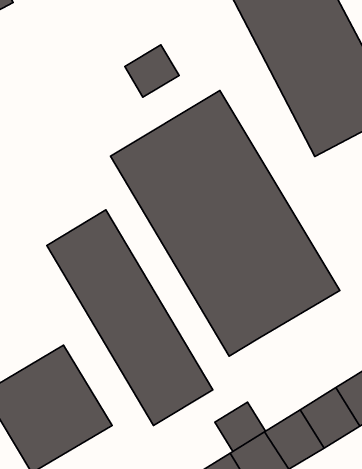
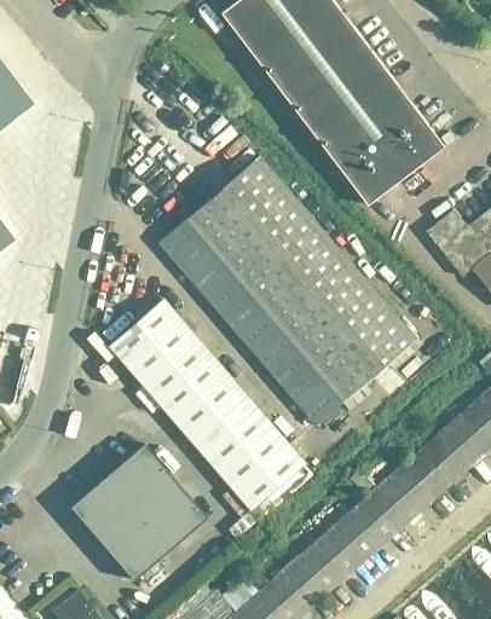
building: [125,45,179,97] -> none
building: [215,402,266,451] -> none

